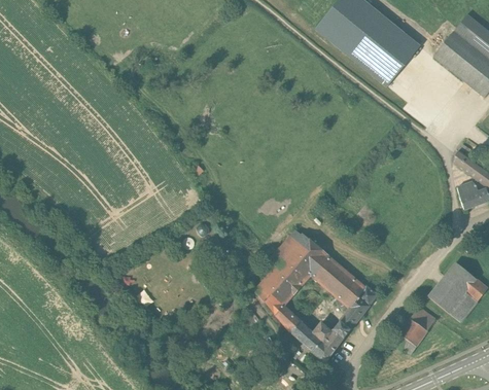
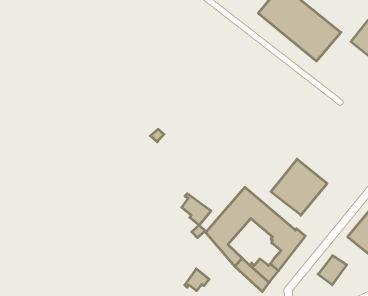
building: none -> [271,159,327,215]
building: none -> [182,194,211,225]
building: none -> [185,269,209,291]

